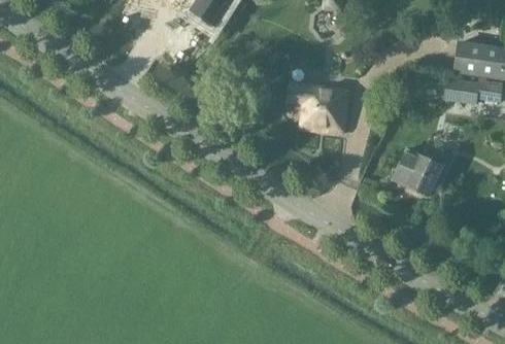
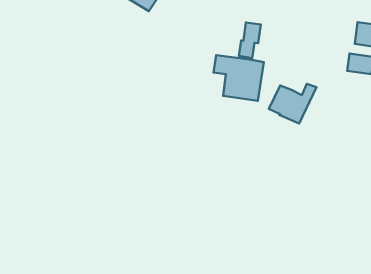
building: none -> [239,23,261,58]
building: [394,148,450,196] -> [269,84,316,124]

